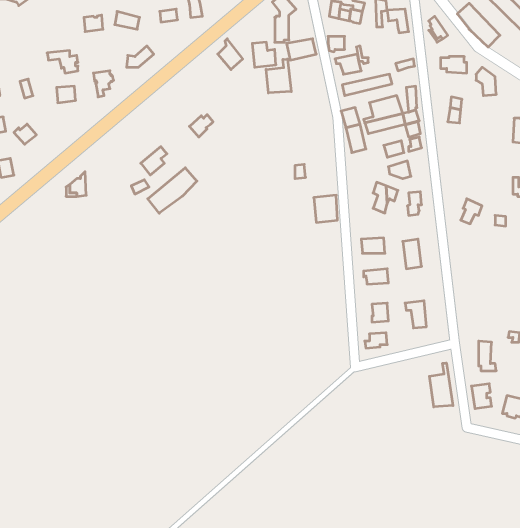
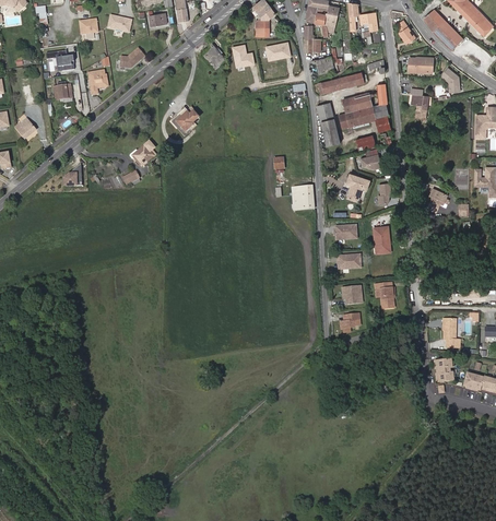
building: [266,59,291,93] -> none
building: [148,168,197,213] -> none
building: [429,363,453,407] -> none

